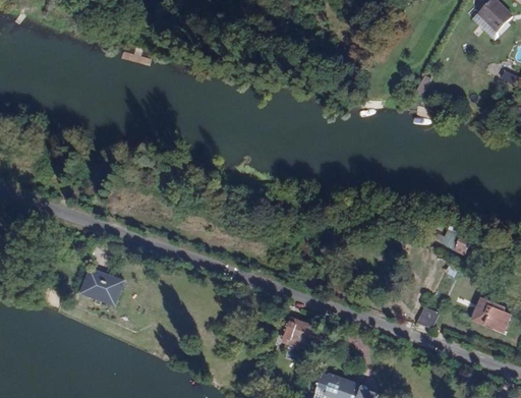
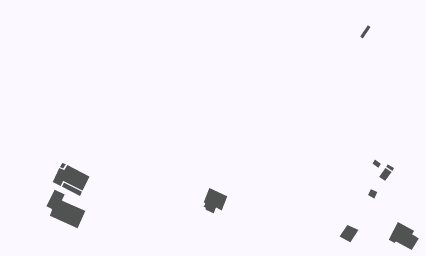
building: none -> [45,189,86,229]
building: [283,317,311,347] -> [202,187,228,214]

